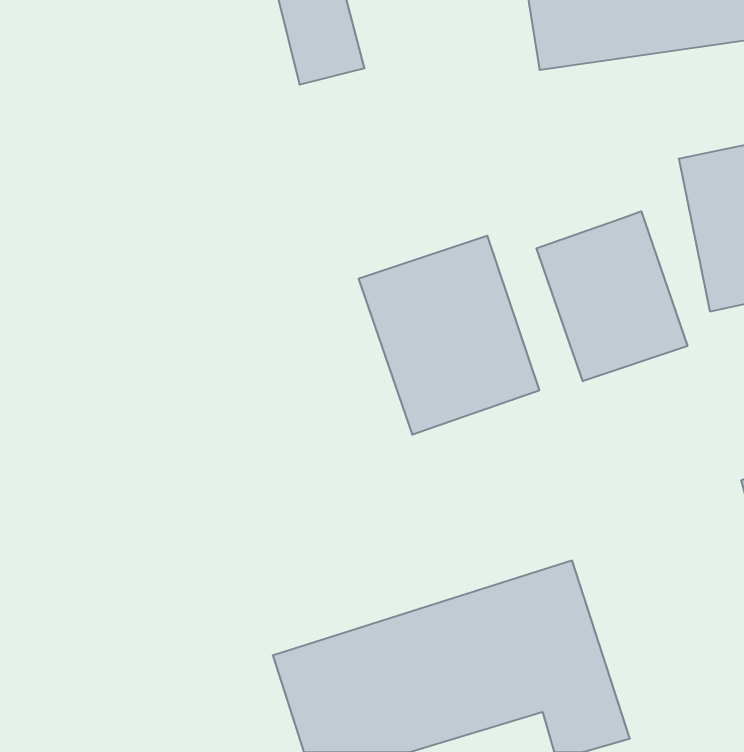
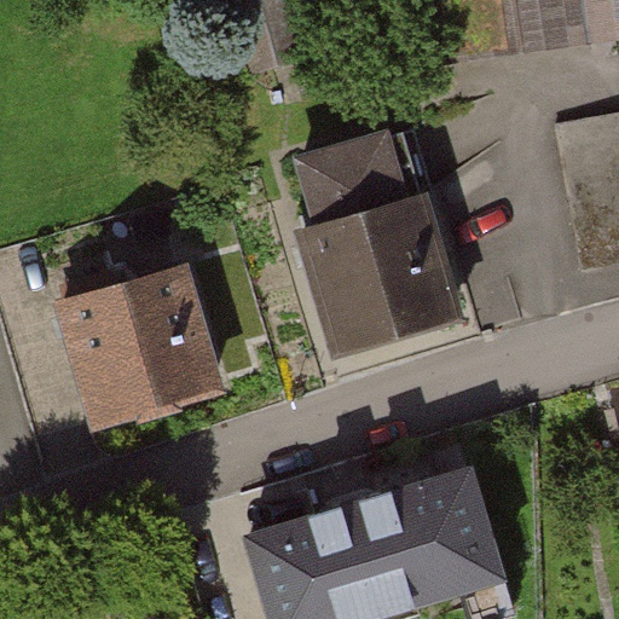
building: none -> [297,131,409,222]
building: [537,211,687,381] -> none
building: none -> [63,264,218,432]

